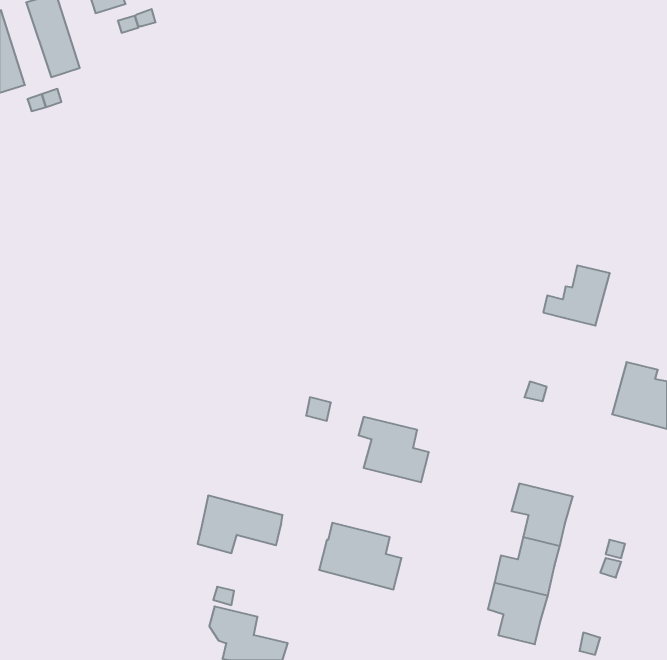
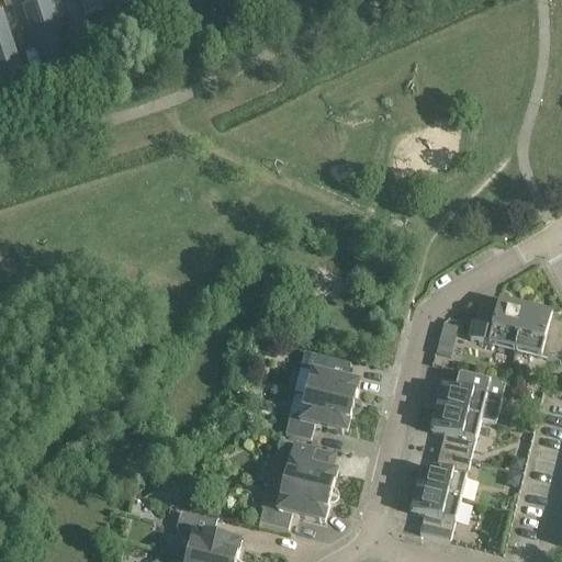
building: [543,265,610,326] -> [470,297,526,348]
building: none -> [436,369,505,423]
building: none -> [284,393,353,437]
building: [198,496,283,553] -> [259,479,330,527]

